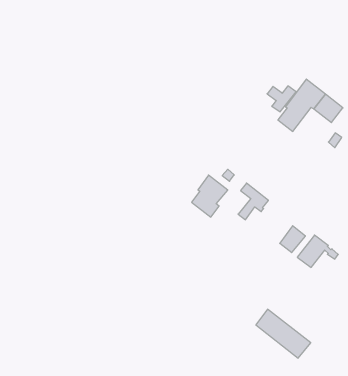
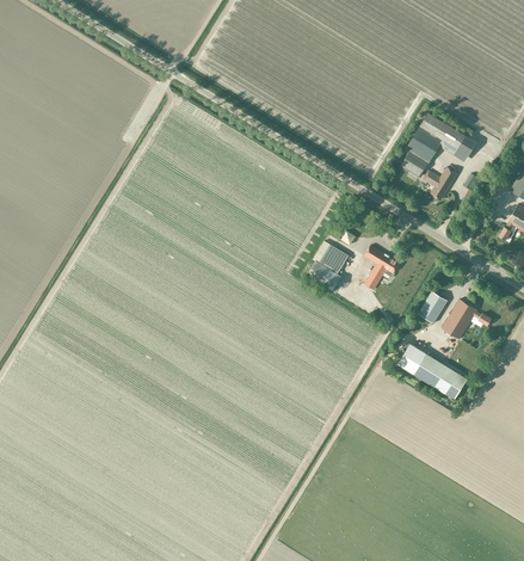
building: [267,86,296,112] -> [423,167,457,199]
building: [256,309,311,358] -> [397,344,466,399]

